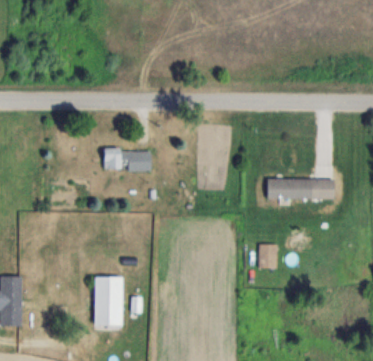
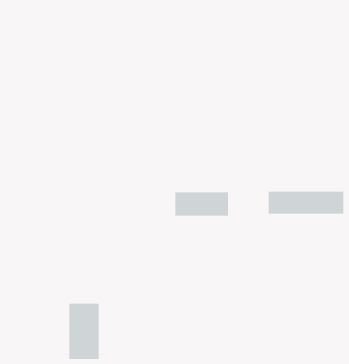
building: [104,150,151,171] -> [175,192,229,216]
building: [259,244,277,268] -> none

